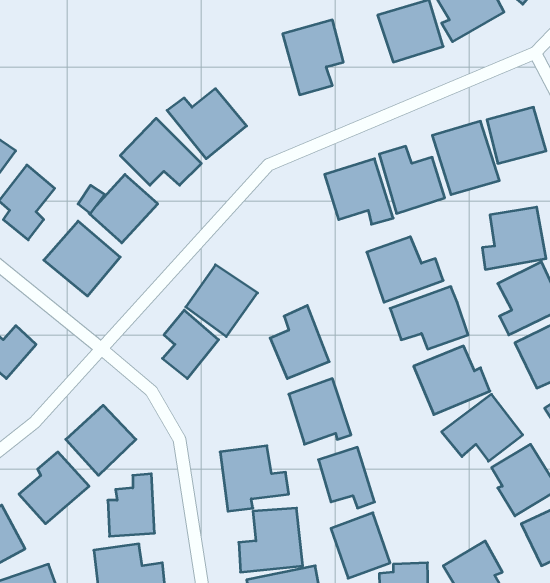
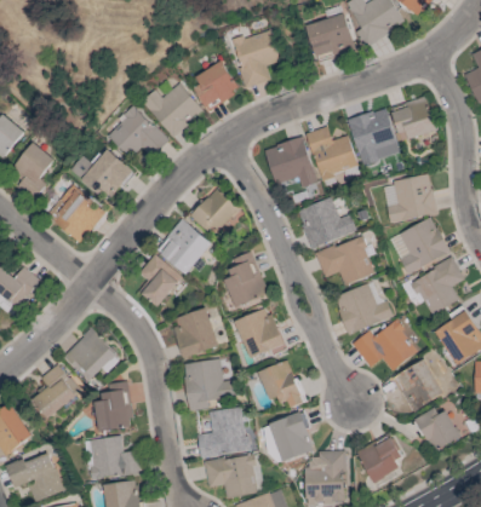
building: none -> [191,61,239,108]
building: none -> [188,185,240,231]
building: none -> [172,307,219,357]

